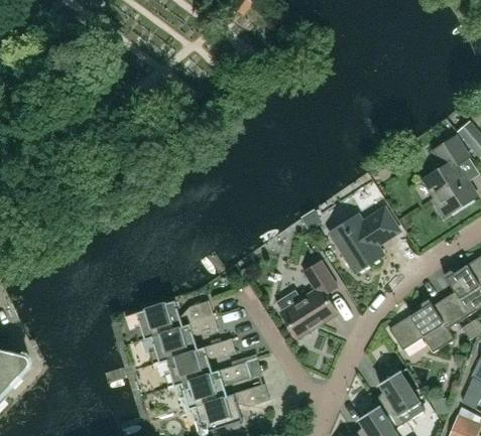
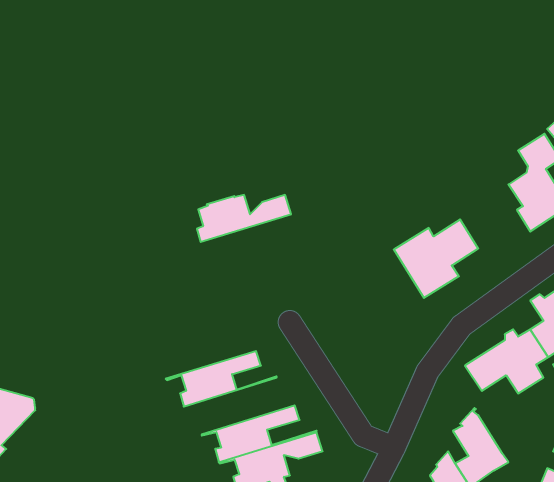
building: [276,262,338,339] -> none
building: [136,301,215,340] -> [197,195,291,242]
building: [154,339,247,387] -> none

